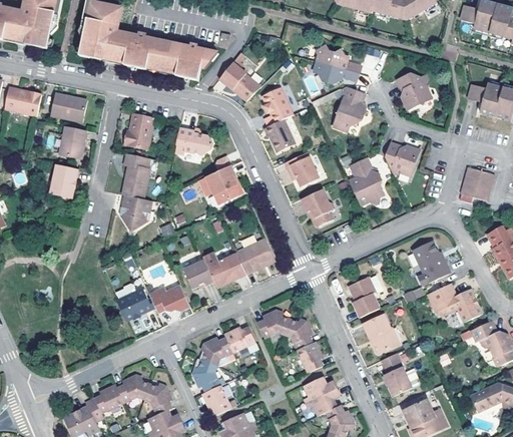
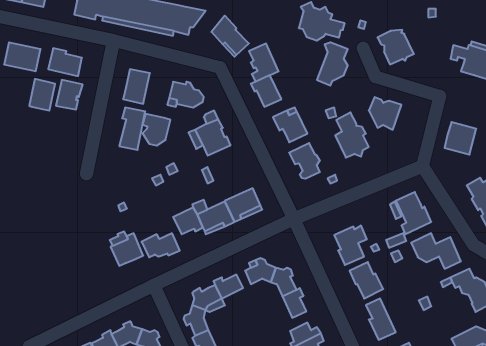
building: [51,162,78,195] -> [29,79,55,111]
building: [122,193,151,227] -> [143,114,170,146]

